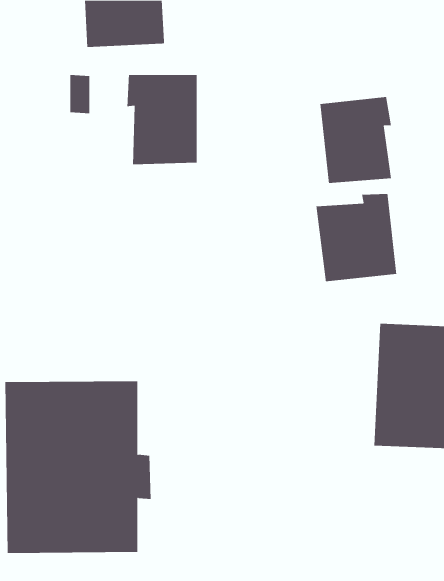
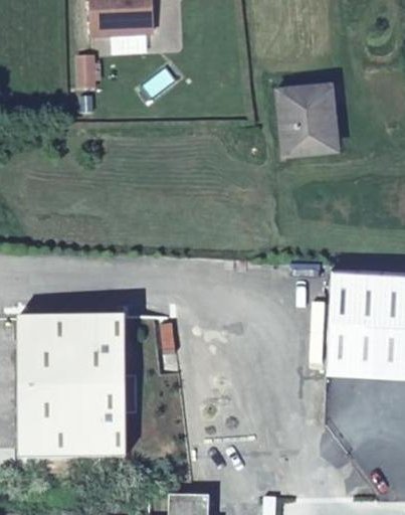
building: [127,74,197,165] -> none
building: [316,193,397,282] -> none

